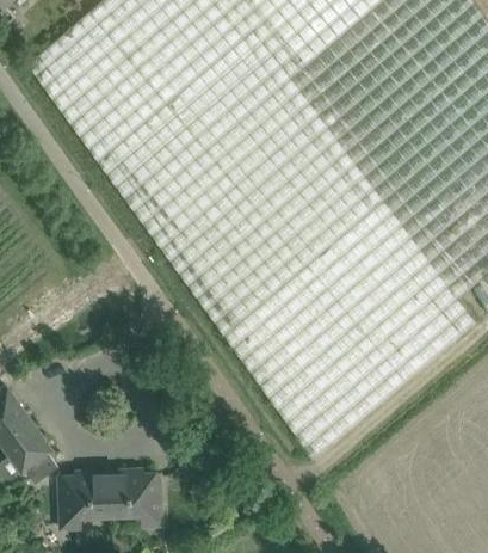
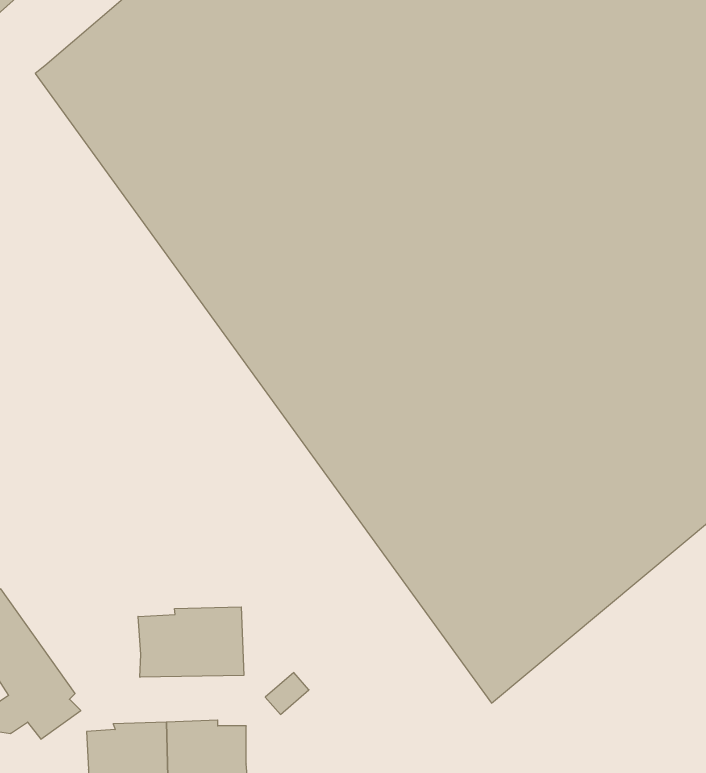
building: none -> [138,607,244,677]

